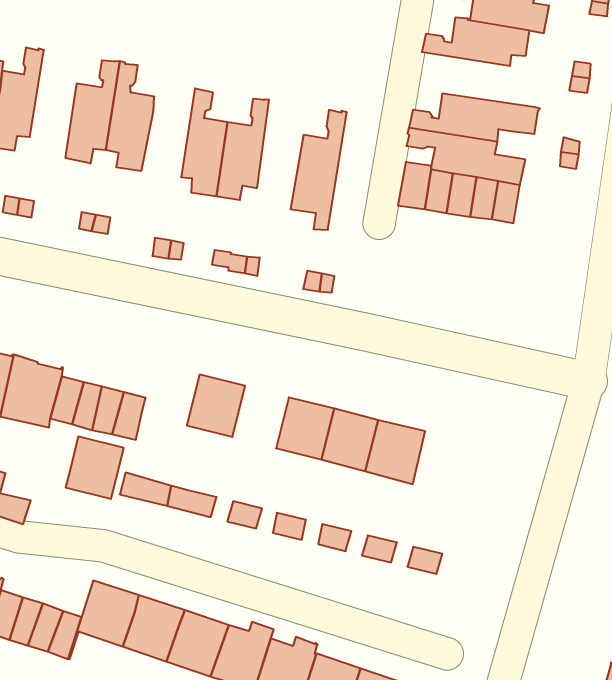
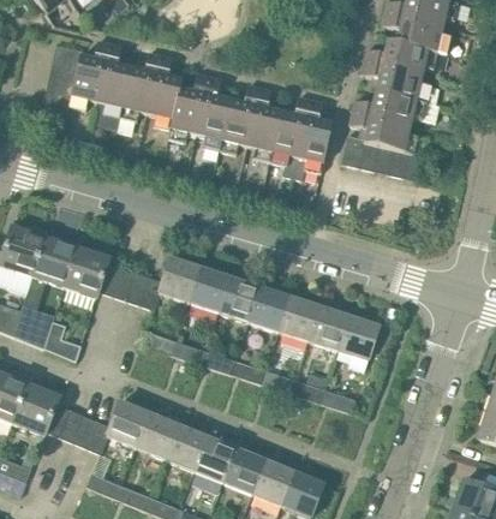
building: none -> [96,43,130,117]
building: none -> [360,61,440,103]
building: none -> [167,73,209,142]
building: none -> [246,86,280,161]
building: none -> [292,99,331,179]
building: none -> [219,278,258,321]
building: none -> [337,316,378,371]
building: [66,437,124,499] -> [159,258,199,302]

